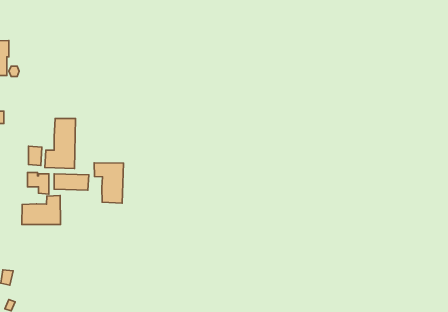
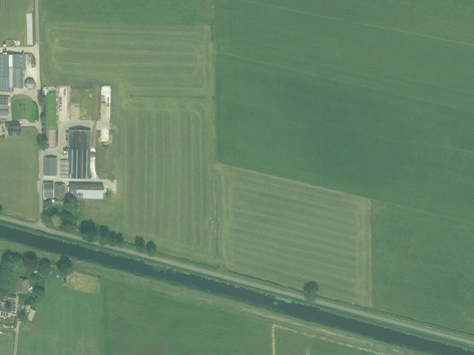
building: [94,163,123,203] -> none
building: [22,196,60,224] -> none

